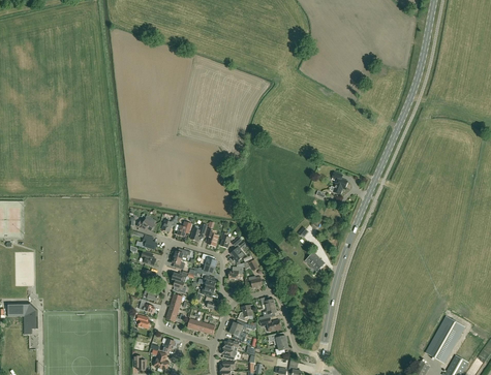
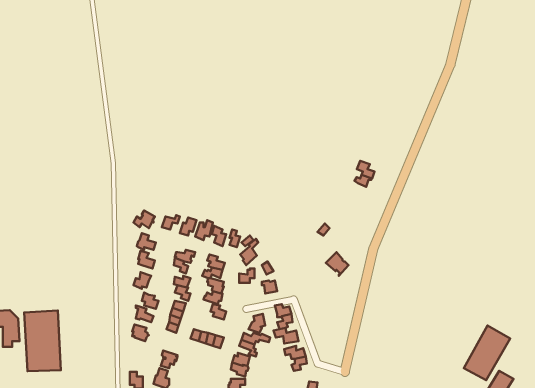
building: none -> [24,310,61,371]

